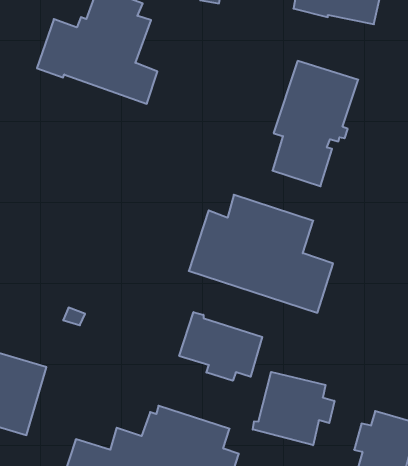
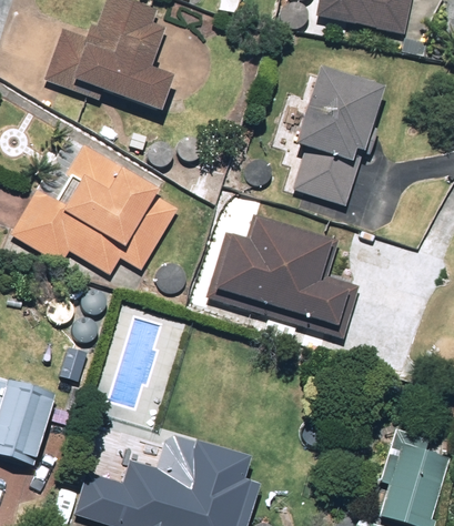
building: none -> [10,133,176,272]
building: [179,312,262,381] -> none
building: [253,372,334,445] -> none

